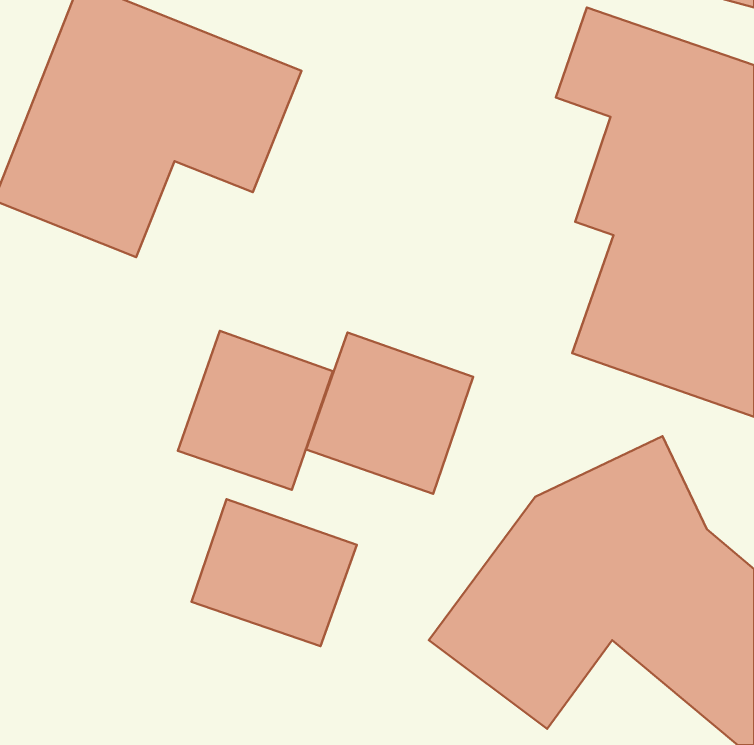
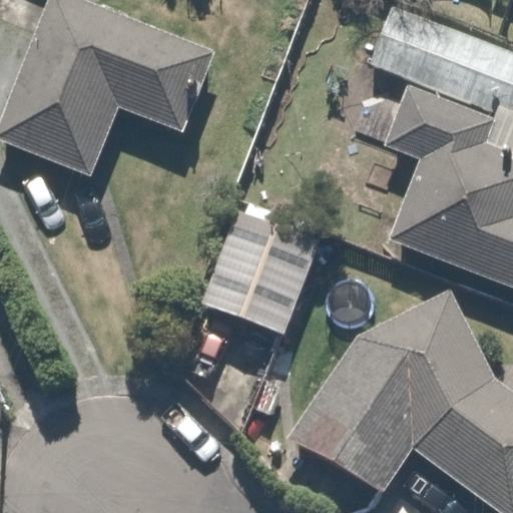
building: [178,331,333,490] -> none
building: [191,499,357,646] -> none

